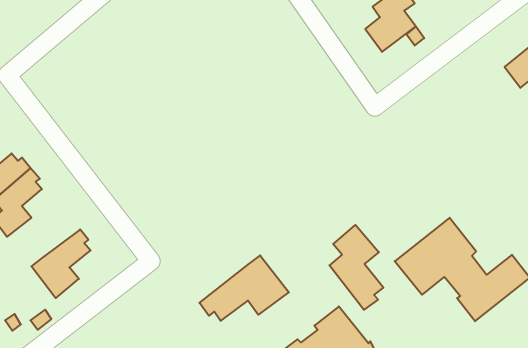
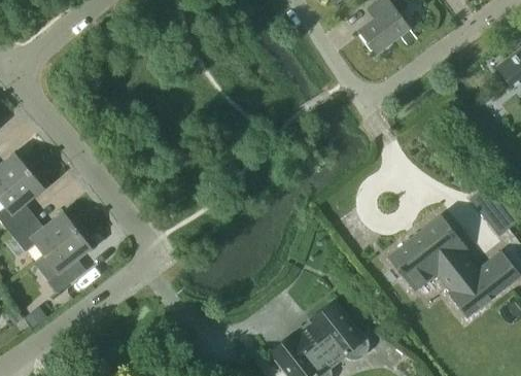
building: none -> [10,210,81,254]
building: [329,225,383,310] -> none
building: [199,255,289,321] -> none

